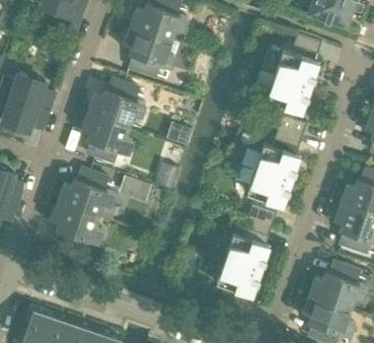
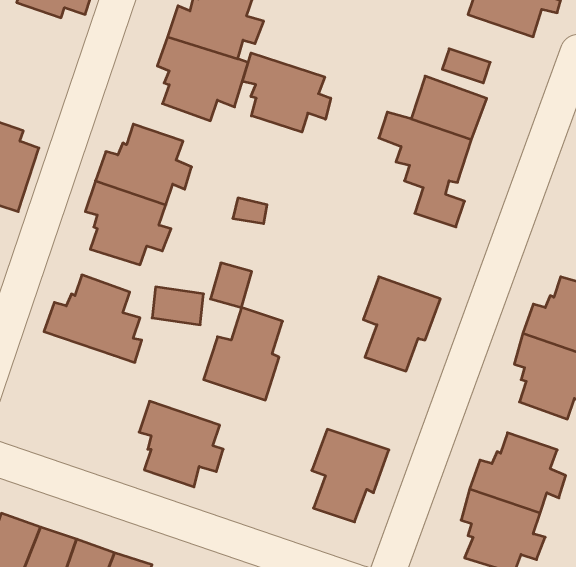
building: none -> [242,53,331,132]
building: [241,132,301,183] -> none
building: [52,202,101,253] -> [139,401,223,487]
building: [225,217,272,272] -> [204,308,283,400]

